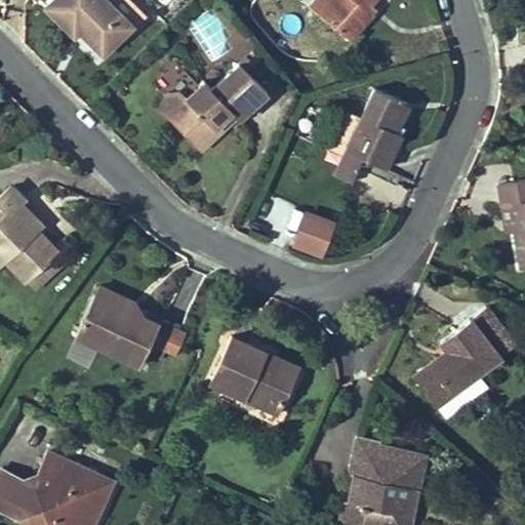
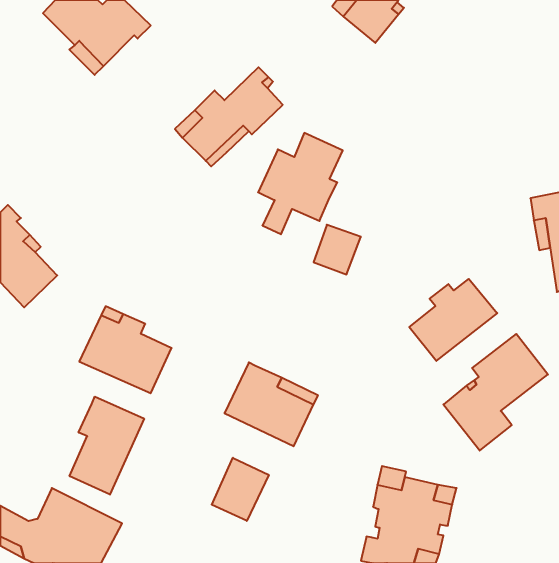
building: [331,91,410,186] -> [258,133,343,234]
building: none -> [409,279,497,361]
building: none -> [70,397,144,495]
building: none -> [212,458,269,521]

